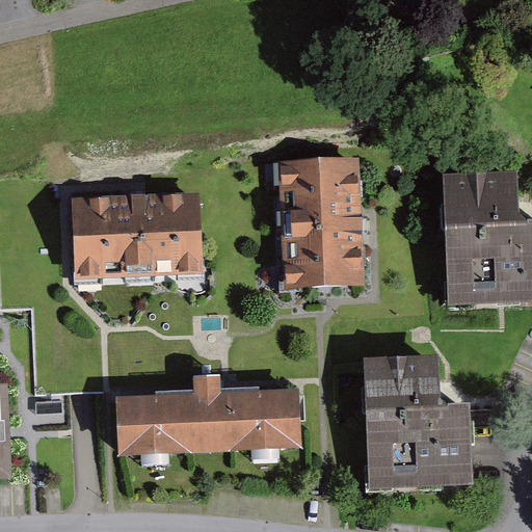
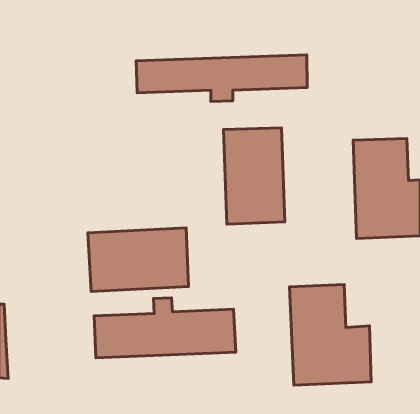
building: none -> [136,55,307,101]
building: [73,193,200,273] -> [88,228,189,291]

